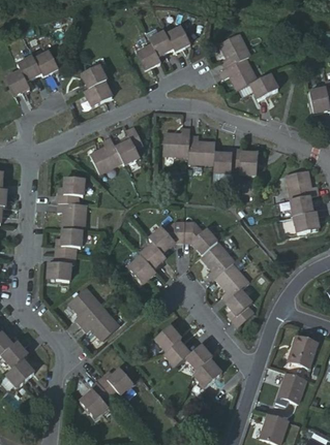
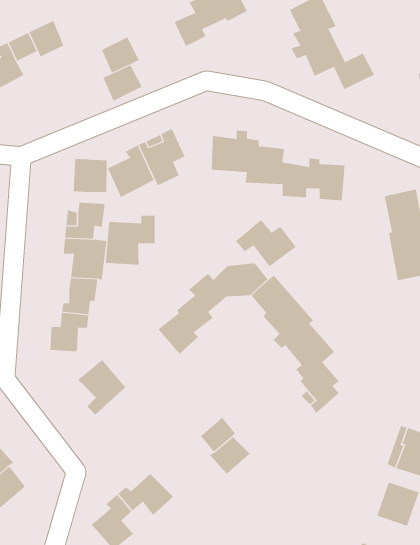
building: none -> [73,158,107,193]
building: none -> [105,215,155,266]
building: none -> [235,219,296,267]
building: [82,307,120,340] -> none
building: [184,345,220,387] -> none

